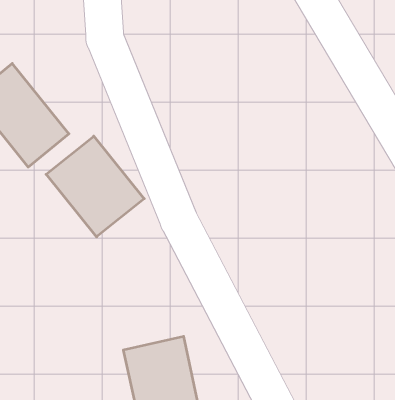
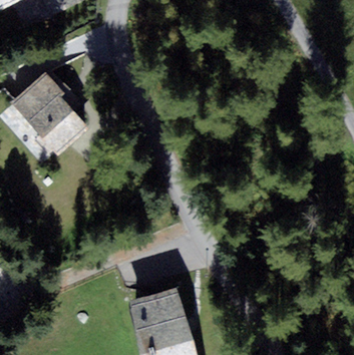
building: [46,136,144,237] -> none

